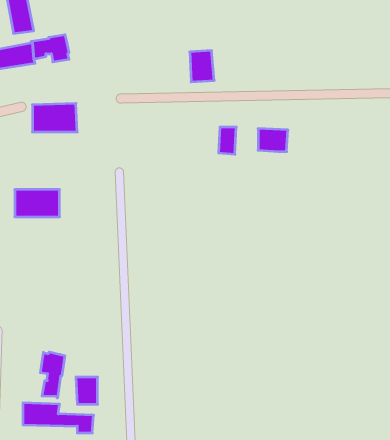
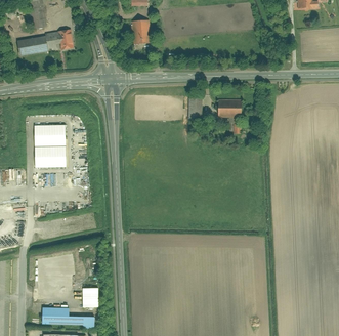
building: [190,51,214,82] -> [134,20,153,44]
building: [32,103,77,132] -> [35,125,69,146]
building: [40,352,65,398] -> none

